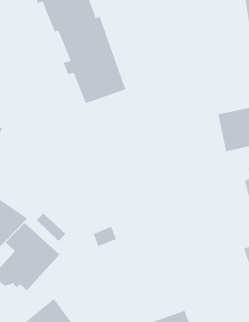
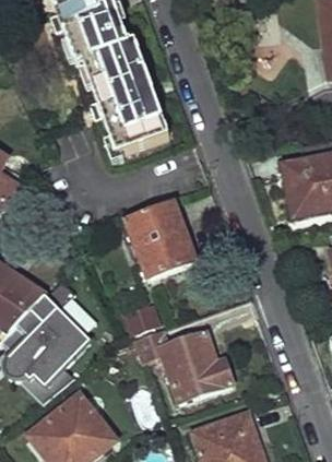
building: none -> [126,202,195,277]
building: none -> [139,330,233,400]

